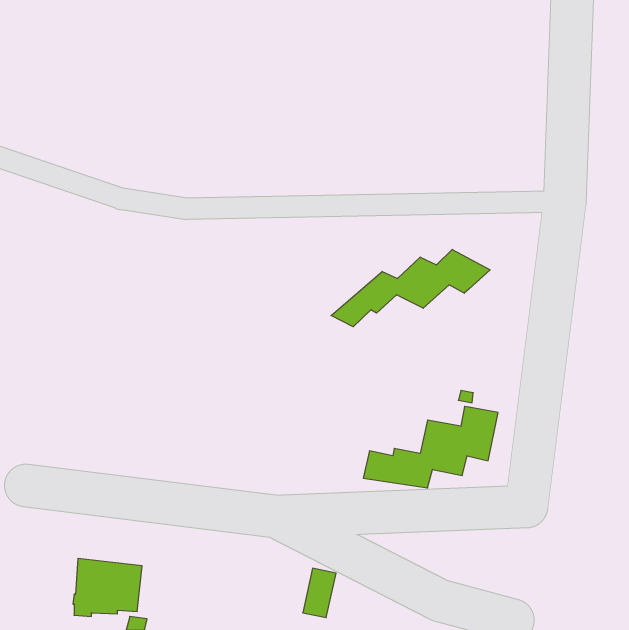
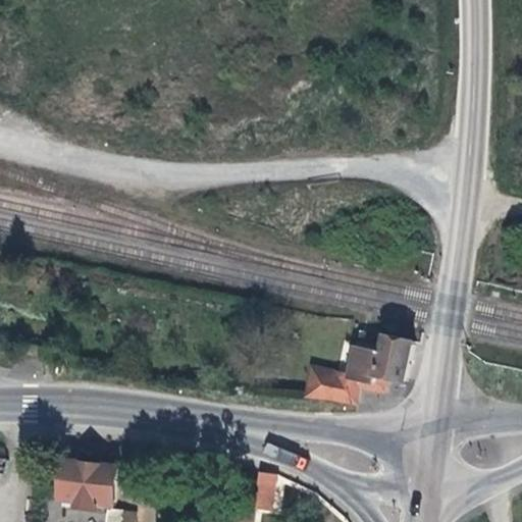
building: [331,249,490,327] -> none

